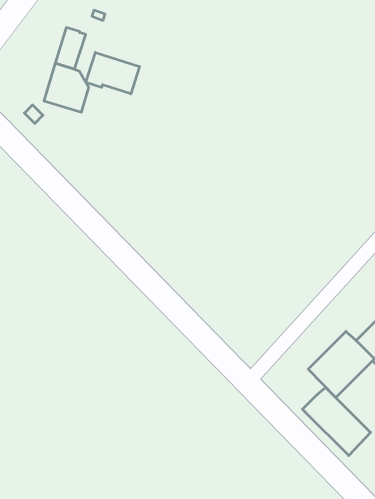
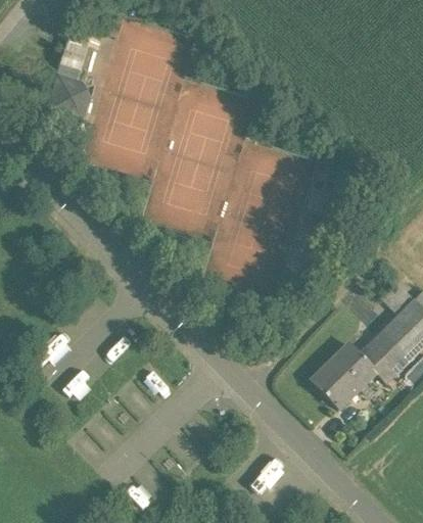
building: [86,52,139,94] -> none
building: [302,387,371,456] -> none

